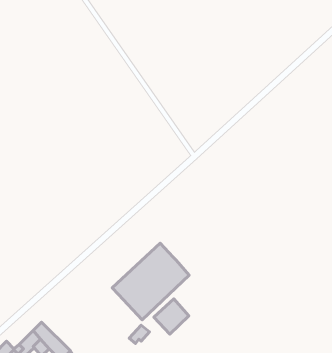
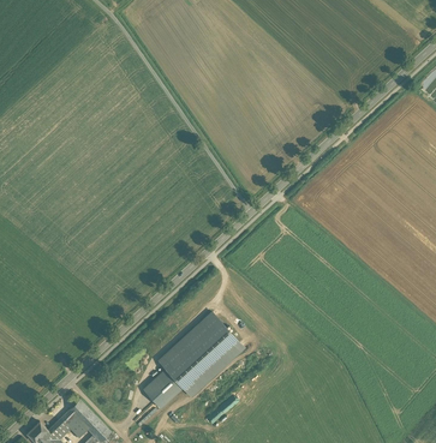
building: [154,299,189,334] -> [141,370,180,409]

